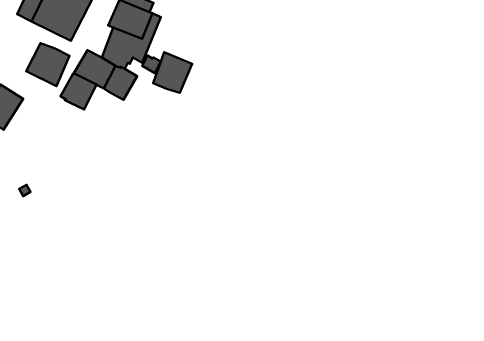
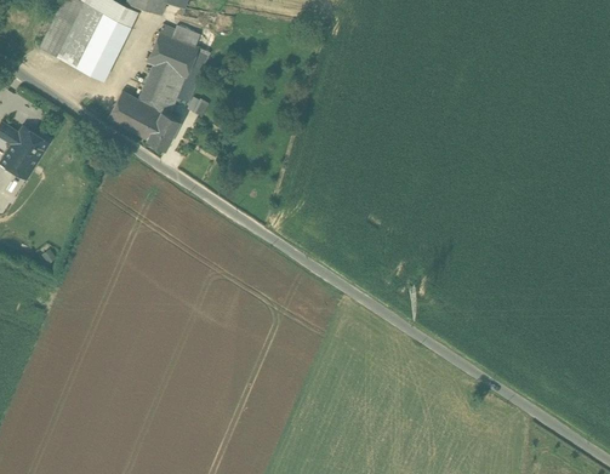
building: [26,43,70,86] -> none
building: [153,52,192,93] -> none
building: [60,73,96,110] -> none

